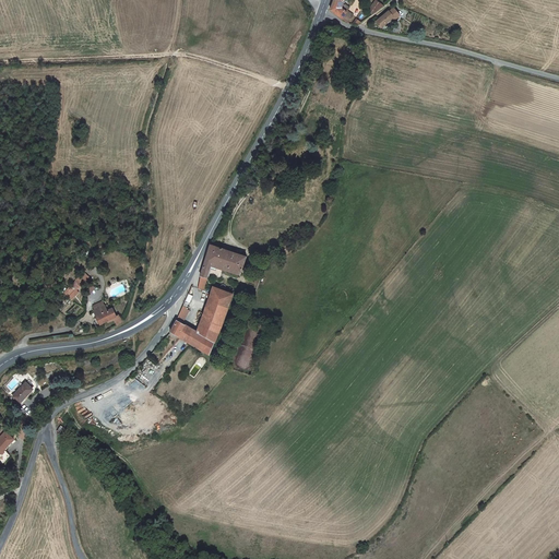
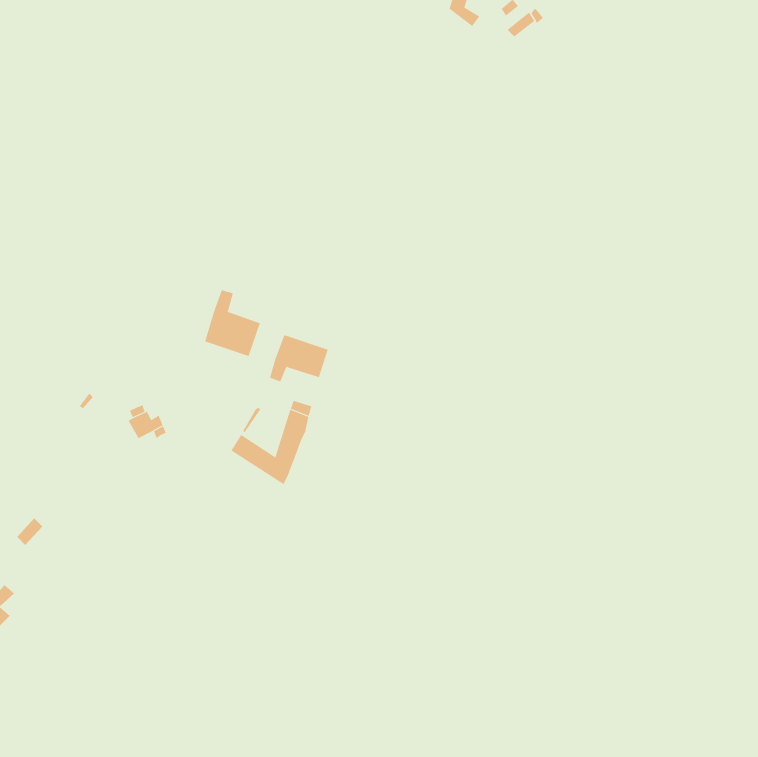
building: none -> [205,289,261,357]

